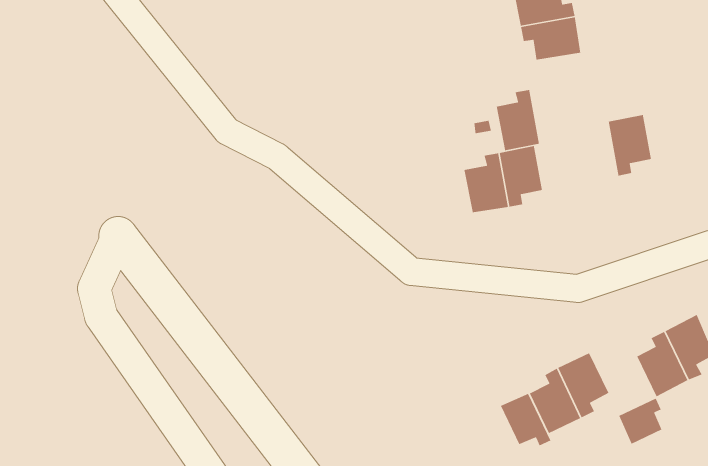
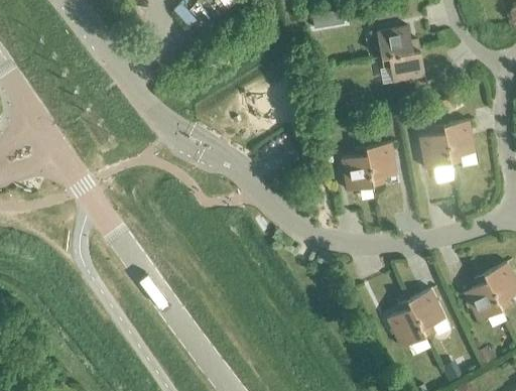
building: [496,89,540,151] -> [419,126,450,170]
building: [500,393,551,446] -> none
building: [618,397,663,445] -> none

